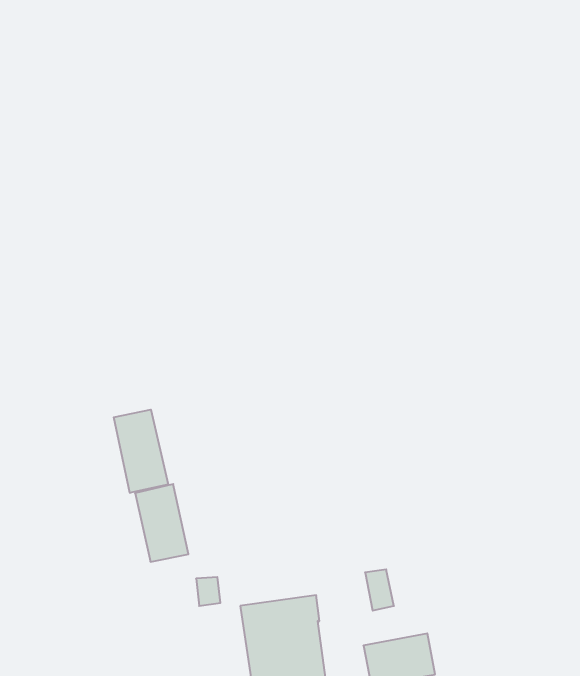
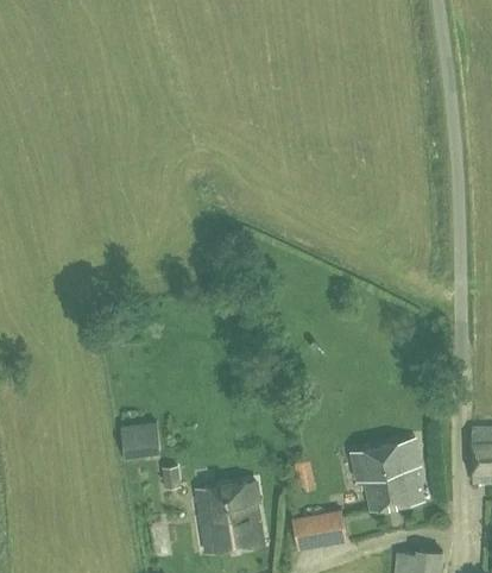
building: [114,410,168,493] -> none
building: none -> [349,439,425,511]

